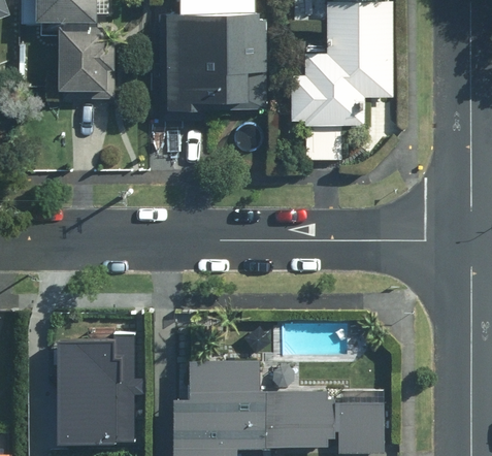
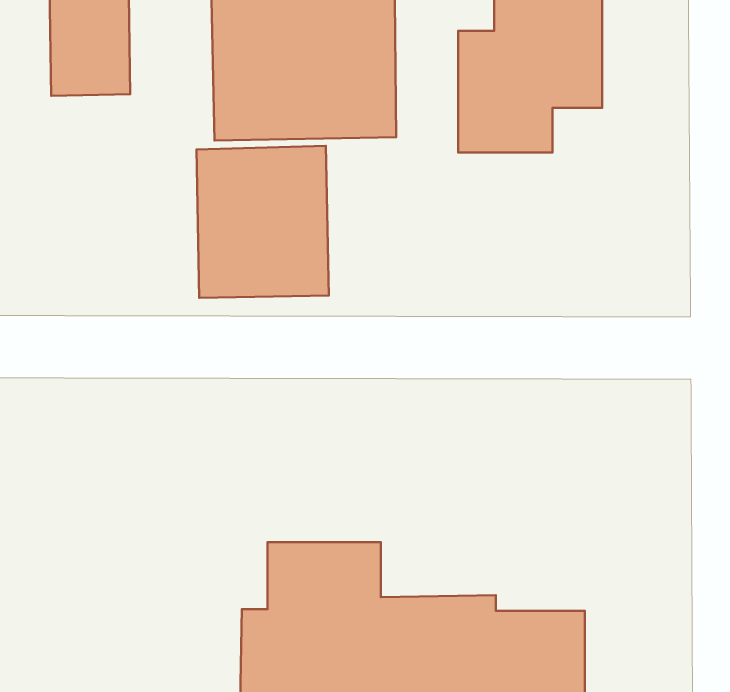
building: none -> [196,146,329,298]
building: [64,325,139,434] -> none

